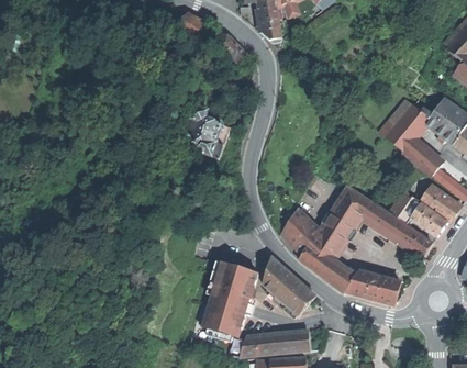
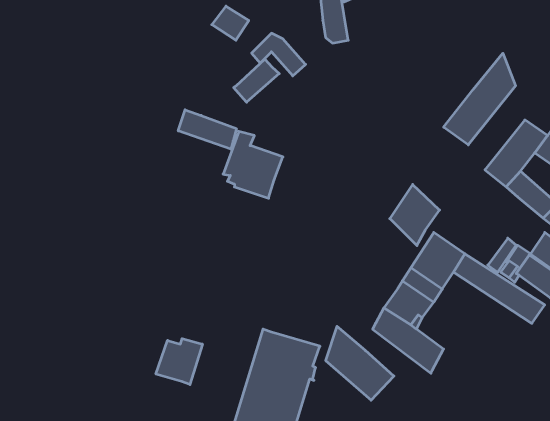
building: none -> [444,53,516,145]
building: none -> [234,59,279,102]
building: none -> [178,110,236,149]
building: [281,209,320,256] -> [390,184,440,246]
building: none -> [156,339,202,385]
building: [346,270,401,304] -> none

